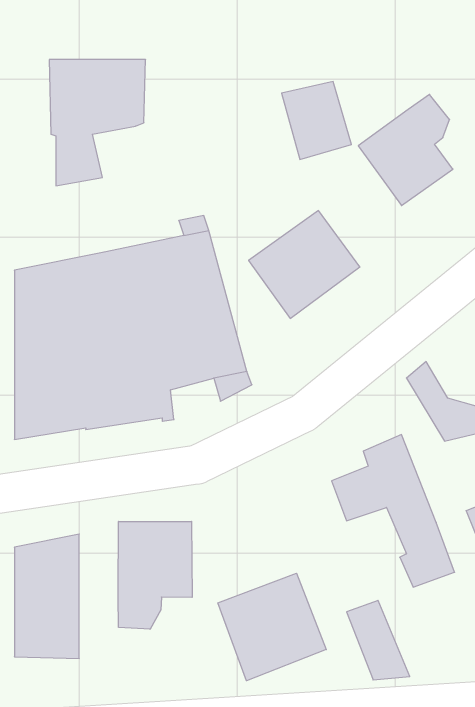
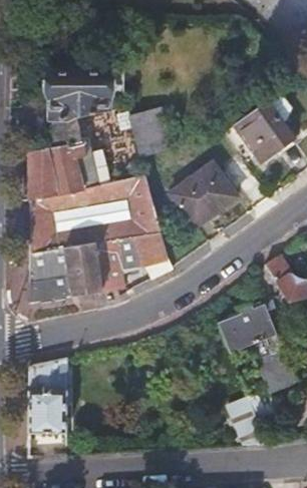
building: [282,82,351,159] -> [128,108,171,155]
building: none -> [28,111,102,198]
building: [118,521,192,629] -> none
building: [218,573,326,681] -> none

